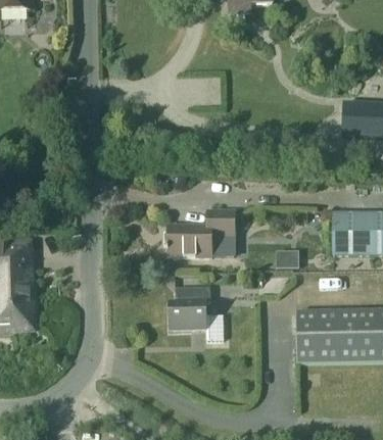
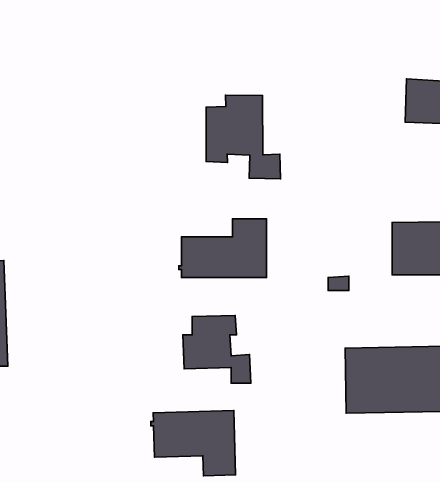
building: none -> [206,95,280,179]
building: none -> [151,411,236,476]

